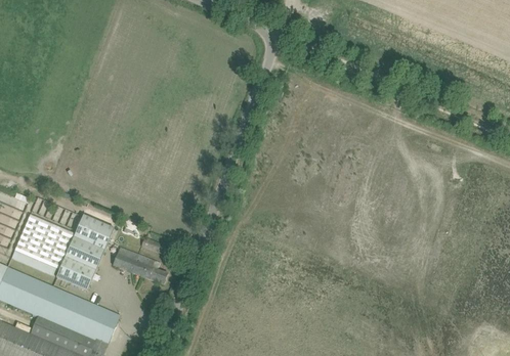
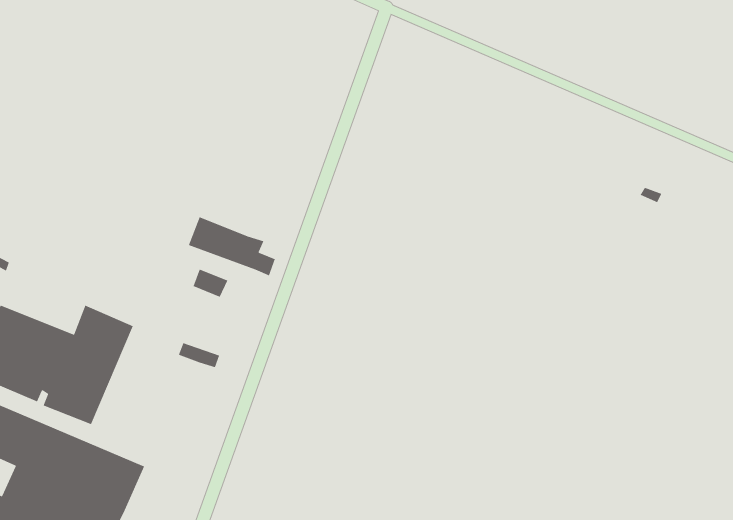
building: [112,248,167,285] -> [188,216,276,277]

